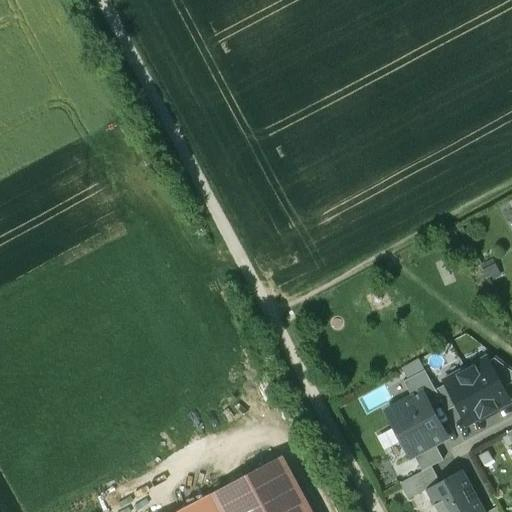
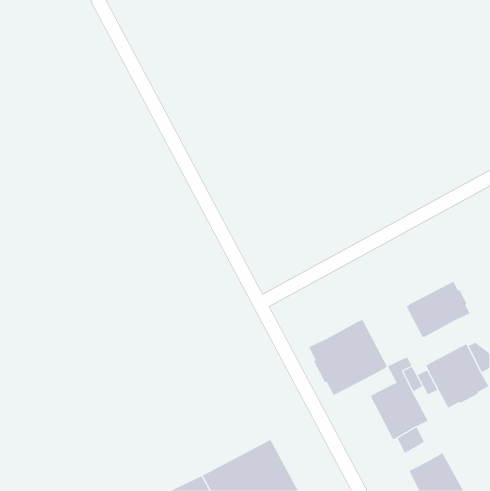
building: none -> [406,281,470,338]
building: none -> [309,320,388,396]
building: [399,467,439,500] -> none

